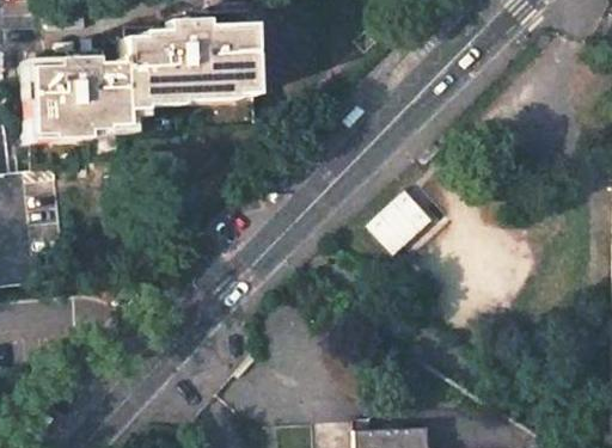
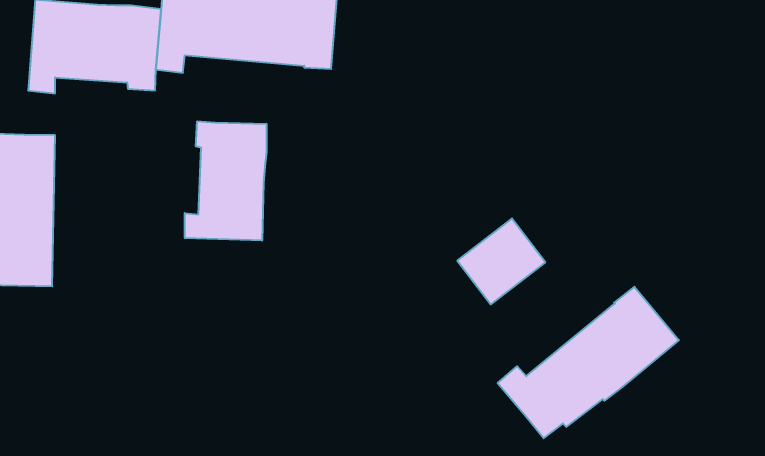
building: none -> [185,121,266,241]
building: none -> [498,287,679,438]

